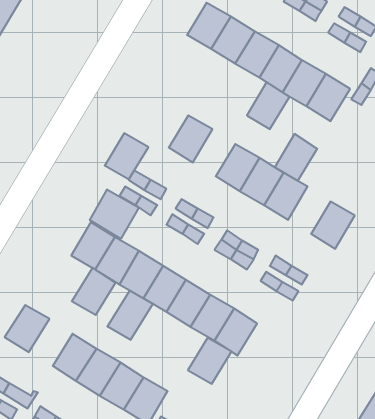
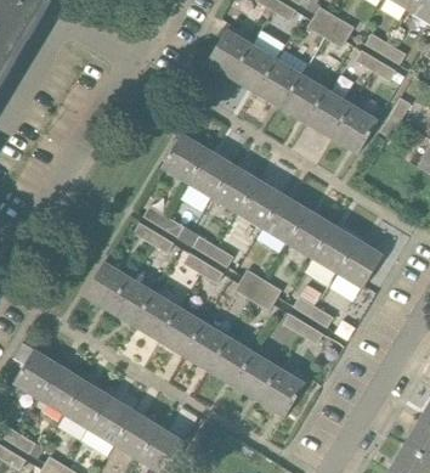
building: [247,82,289,129] -> [211,163,256,213]
building: [105,133,148,179] -> [160,134,206,182]
building: [275,134,317,181] -> [312,224,357,274]
building: [90,189,139,239] -> none
building: [72,268,115,315] -> [38,364,84,413]
building: [107,291,153,340] -> none
building: [188,338,231,384] -> [259,368,305,417]

